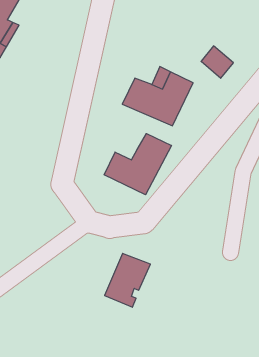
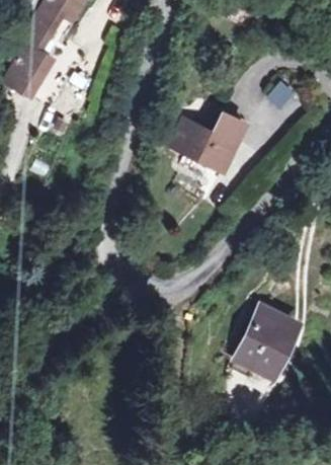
building: [104,134,171,195] -> none
building: [105,253,150,307] -> [234,314,285,375]

